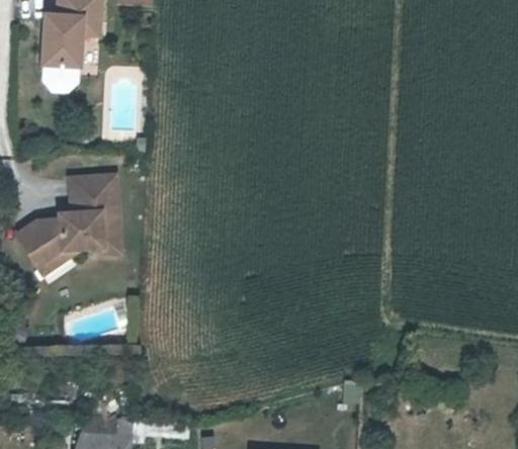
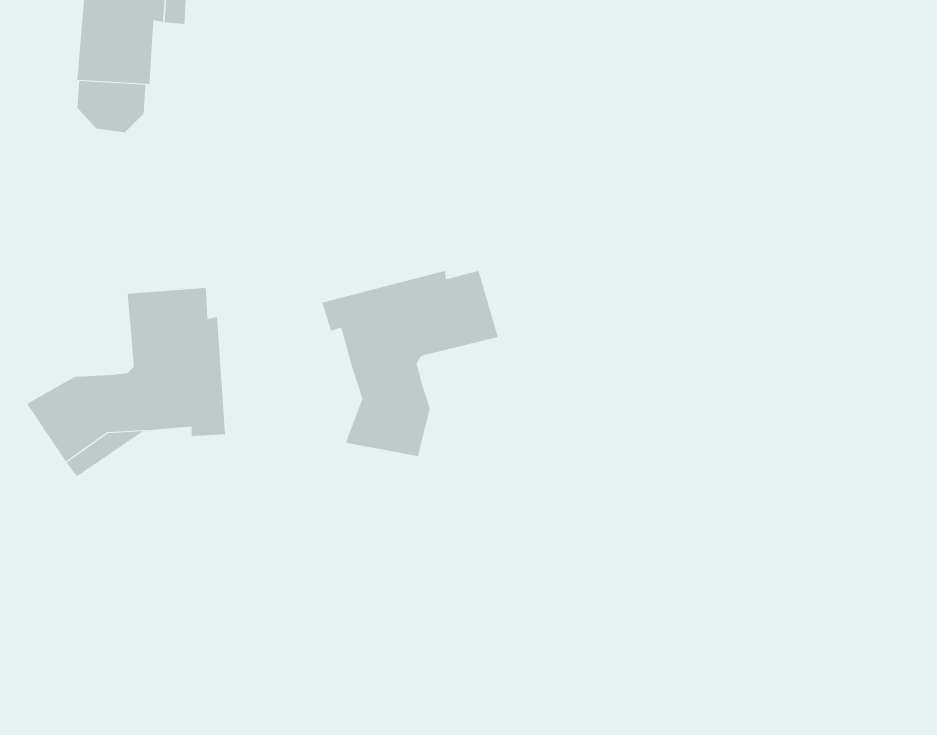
building: none -> [322,270,499,457]

